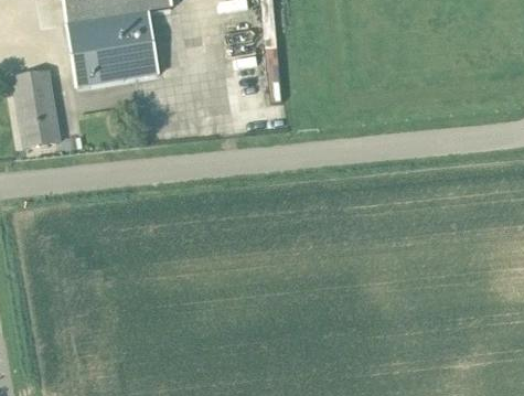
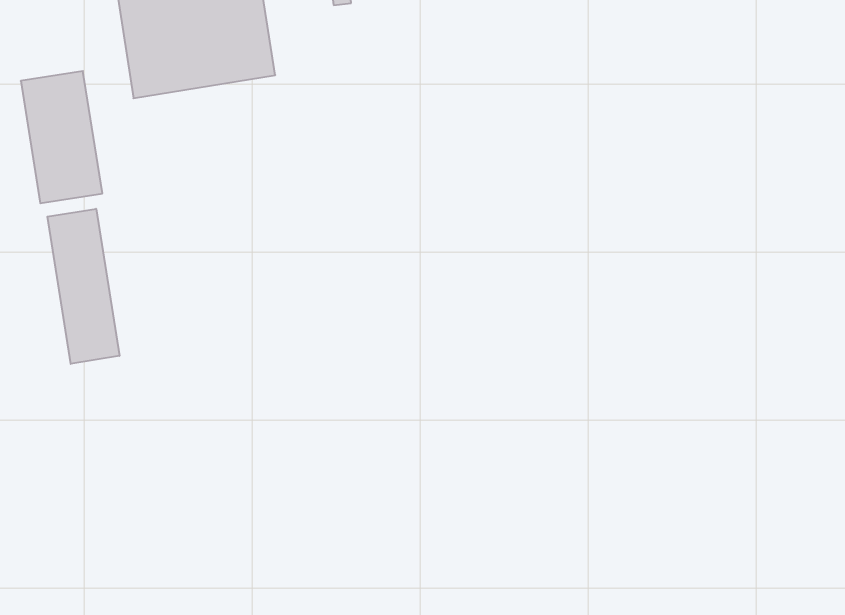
building: none -> [47,209,119,364]

